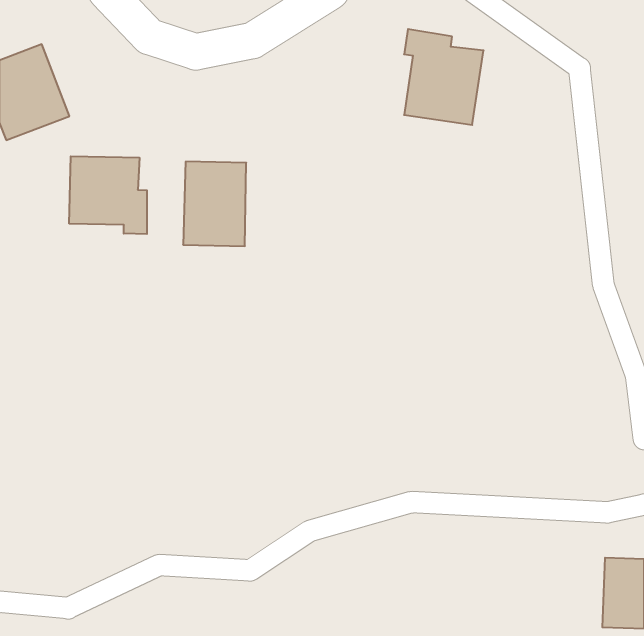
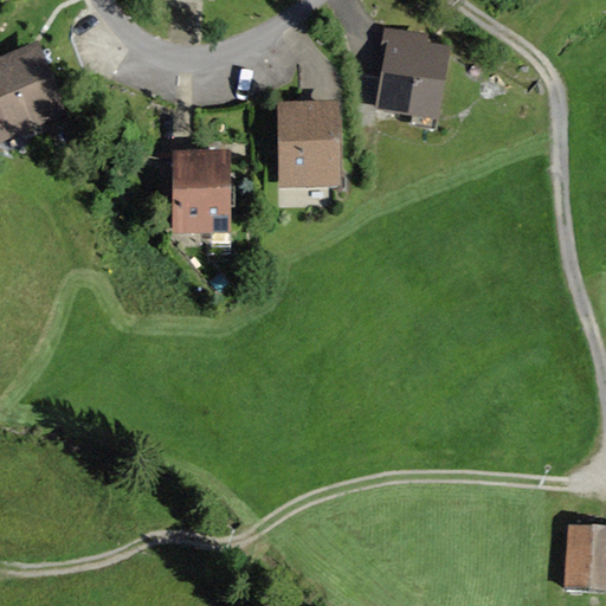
building: none -> [277,103,341,186]
building: [69,156,147,234] -> none

